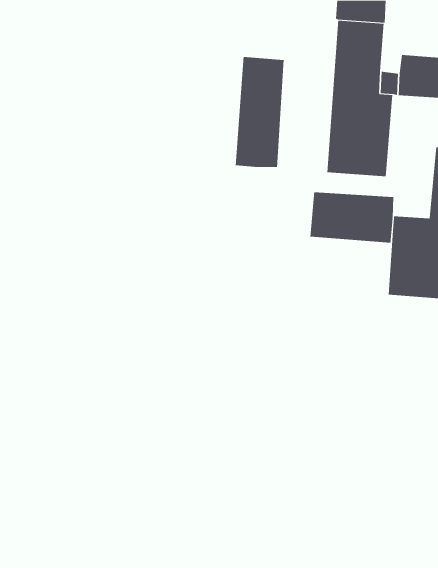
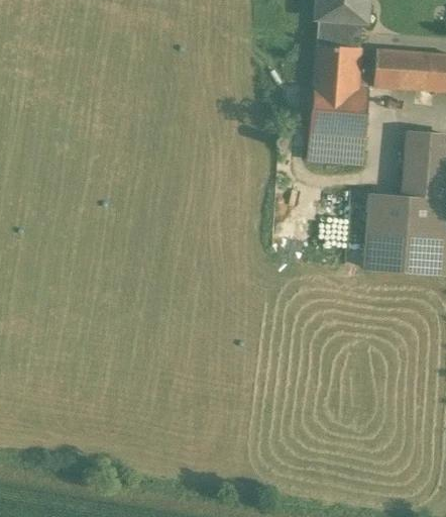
building: [235,56,284,168] -> none
building: [310,191,394,244] -> none

